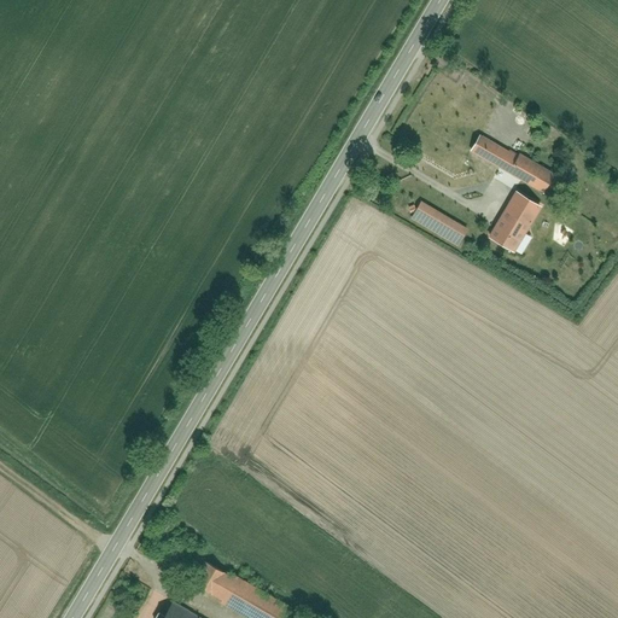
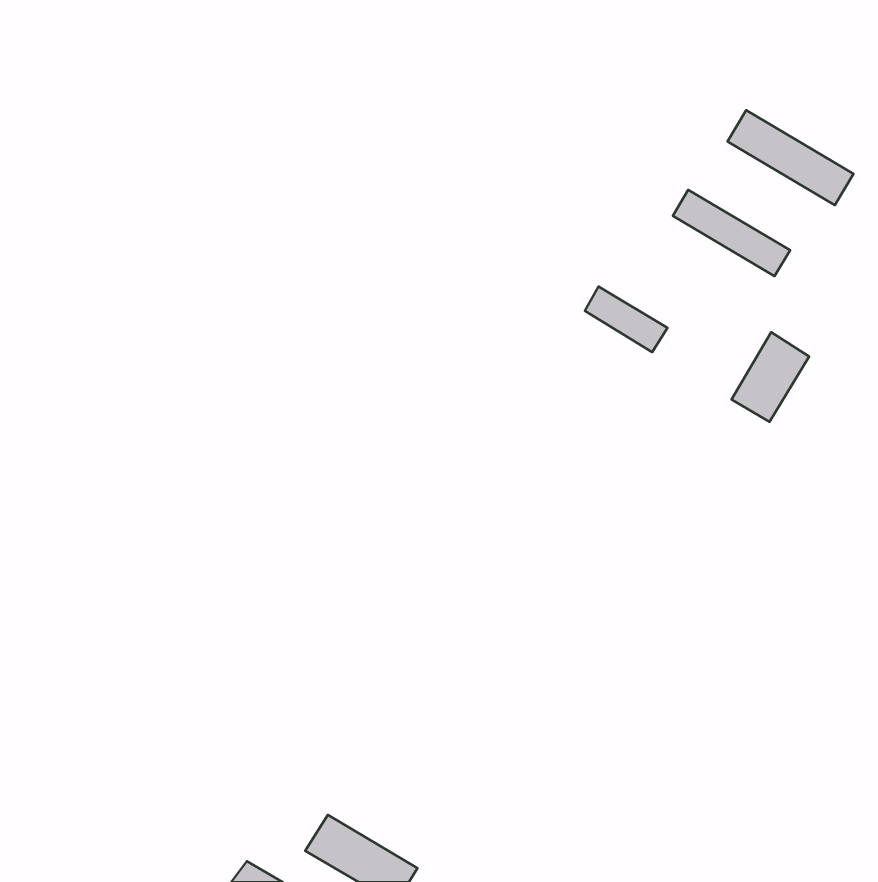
building: none -> [728,110,853,205]
building: [486,191,541,253] -> [731,332,809,422]

